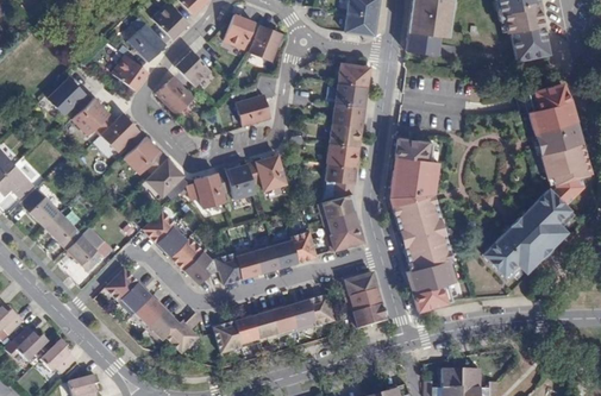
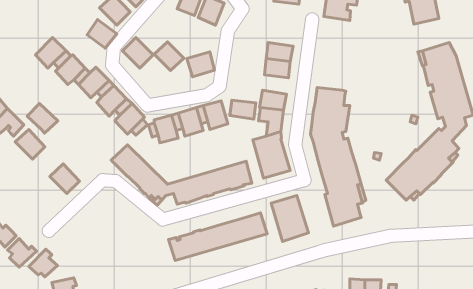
building: [175,50,212,86] -> [154,42,184,70]
building: [337,62,370,87] -> none
building: [330,122,362,146] -> [230,100,256,119]
building: [44,212,82,249] -> [27,104,58,133]
building: [105,269,202,353] -> none

